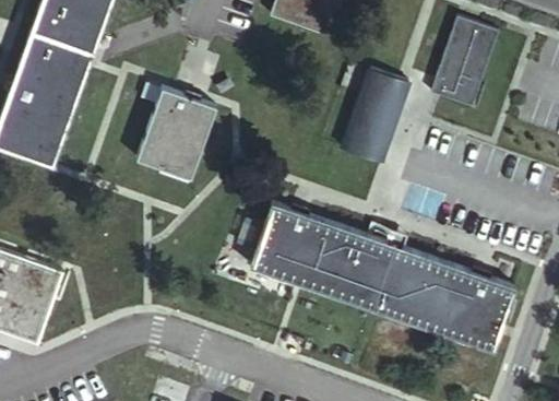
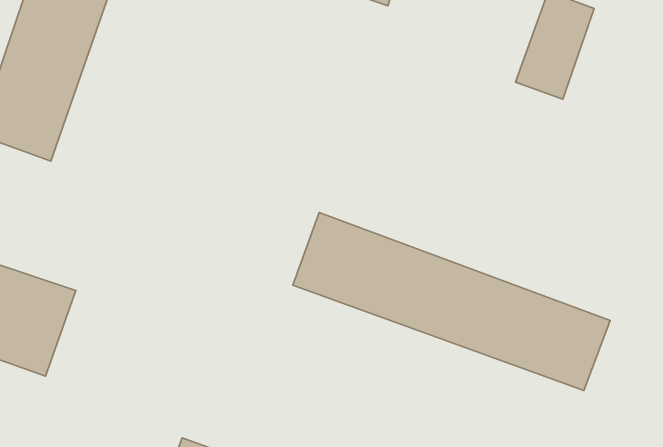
building: [349,70,407,145] -> none
building: [132,84,213,175] -> none

